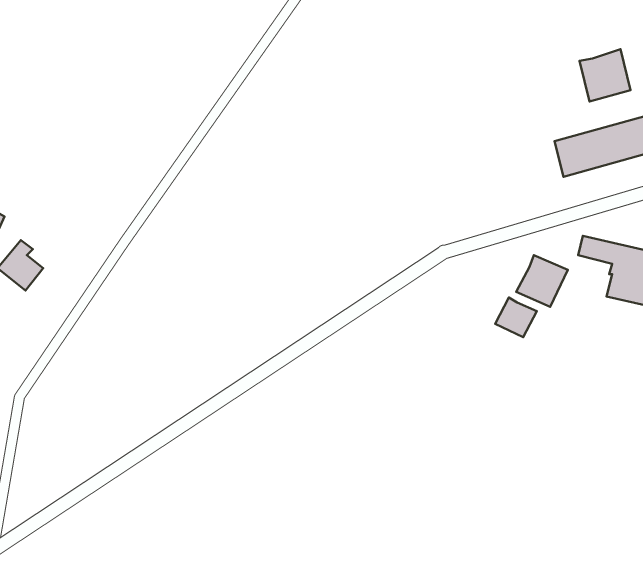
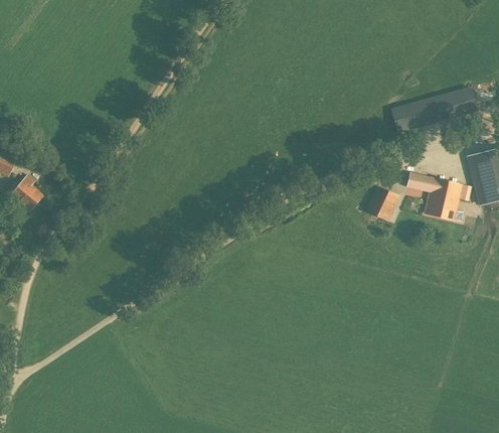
building: [580,49,630,101] -> none
building: [495,298,537,337] -> none

